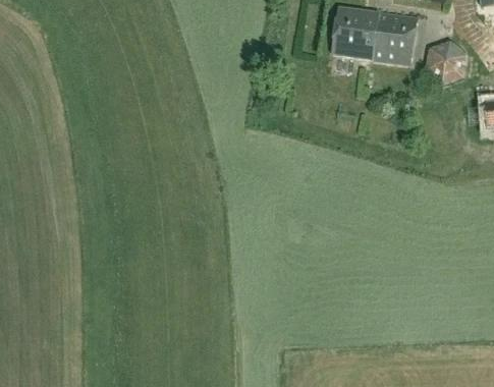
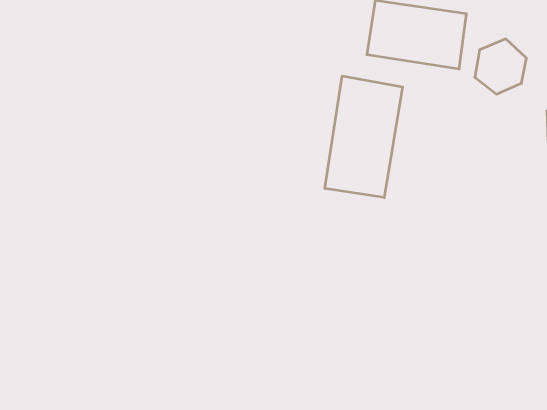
building: none -> [325,76,403,198]

